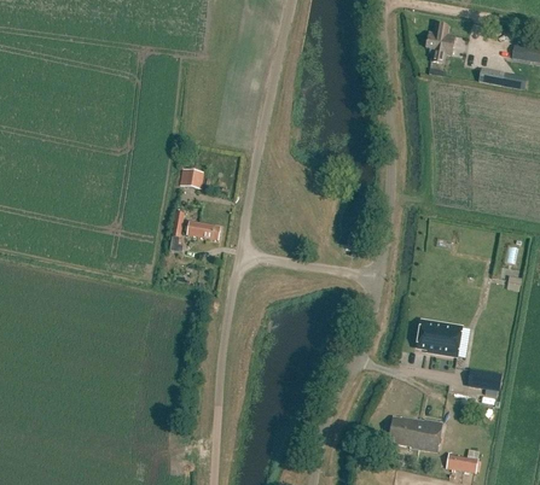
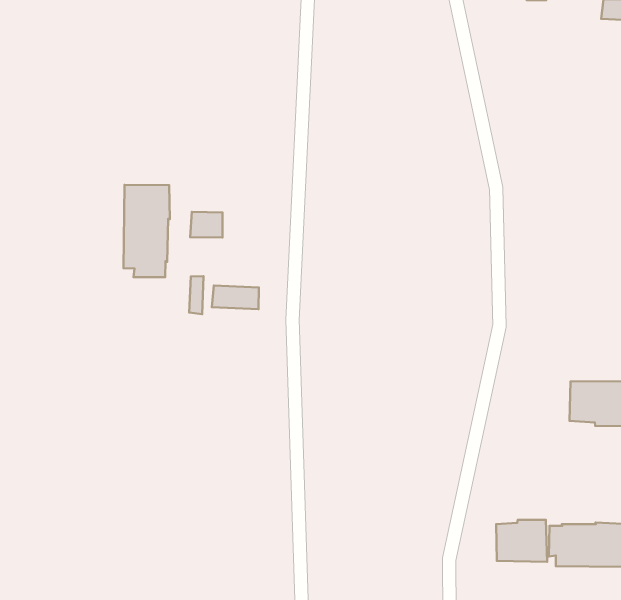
building: none -> [123,185,170,277]
building: none -> [496,520,547,562]

